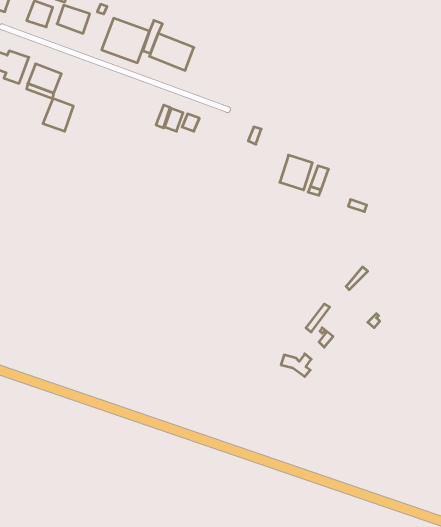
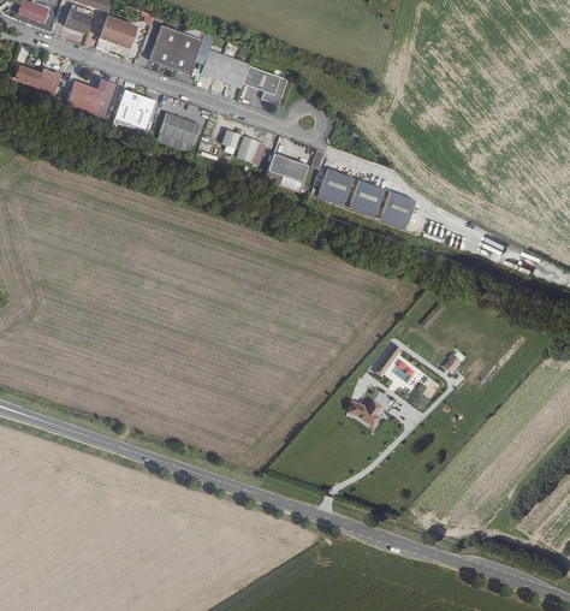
building: none -> [244,64,290,105]
building: none -> [160,113,201,146]
building: [43,99,73,131] -> [114,90,148,126]
building: none -> [267,153,308,185]
building: none -> [315,170,352,208]

